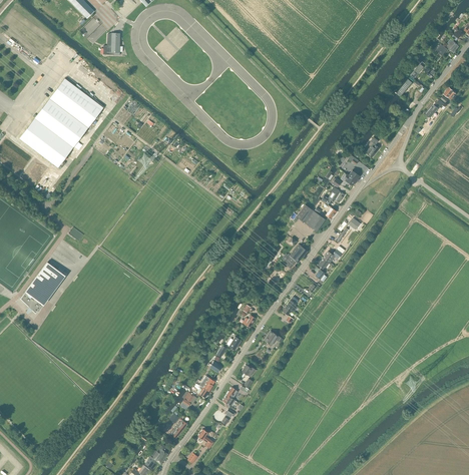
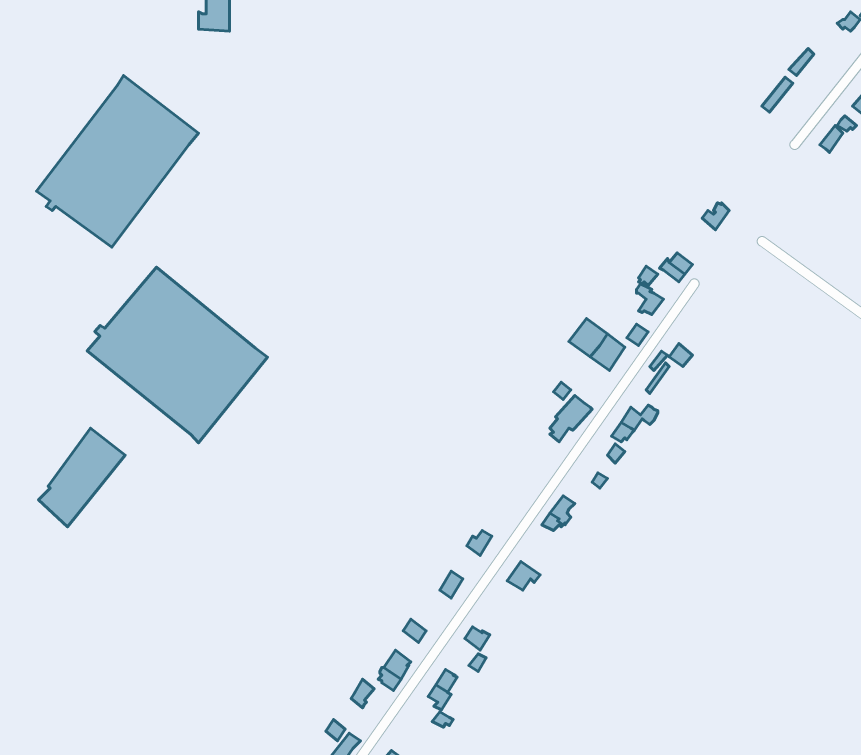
building: none -> [87,267,268,443]

